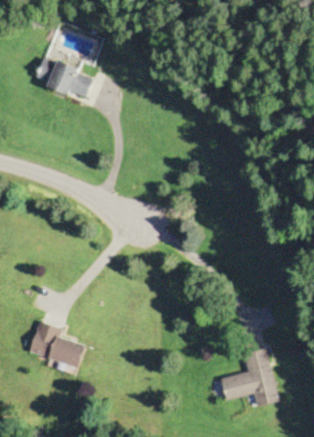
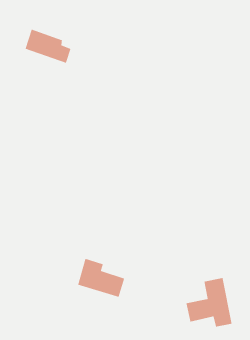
building: [28,322,84,369] -> [77,258,125,298]

